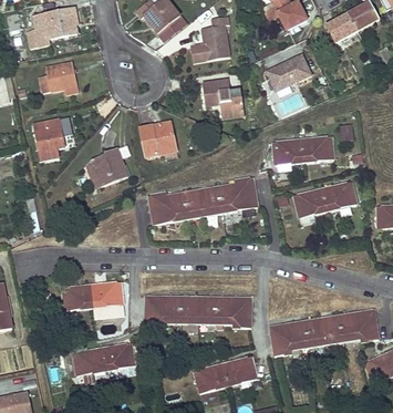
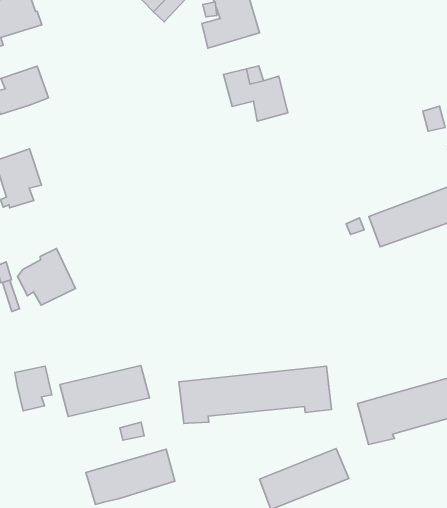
building: [266,54,310,91] -> none
building: [139,122,176,157] -> none
building: [272,136,333,165] -> none
building: [86,147,126,186] -> [17,248,75,305]
building: [147,177,257,225] -> none
building: none -> [15,366,52,411]

